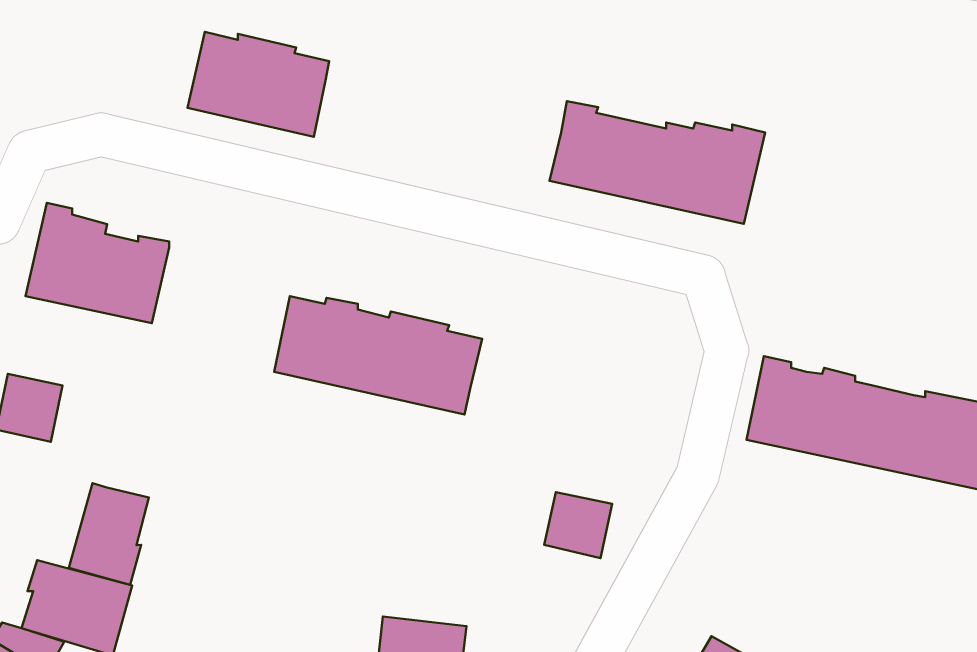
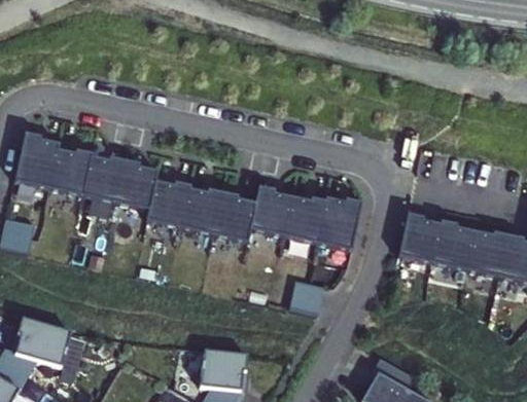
building: [187,32,329,137] -> [81,153,156,209]
building: [549,101,765,224] -> [250,185,364,250]
building: [69,483,149,585] -> none

